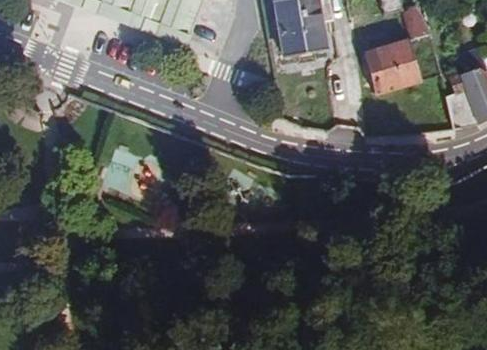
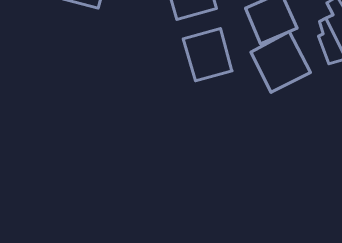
building: none -> [183,28,232,81]
building: none -> [251,32,310,93]

